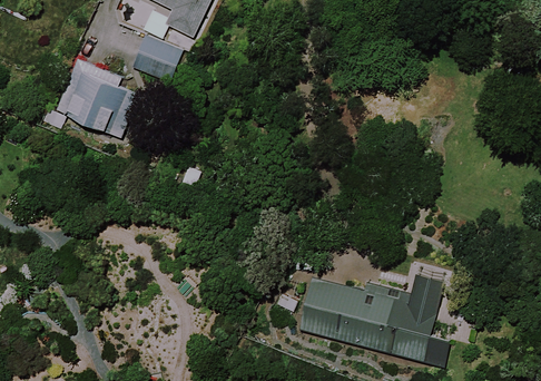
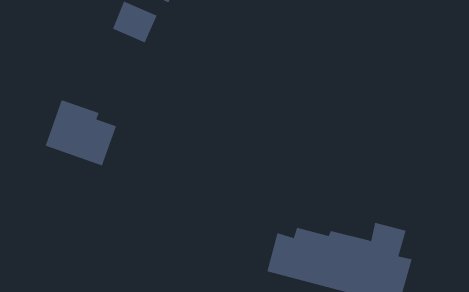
building: [57,62,135,135] -> [45,99,117,166]

